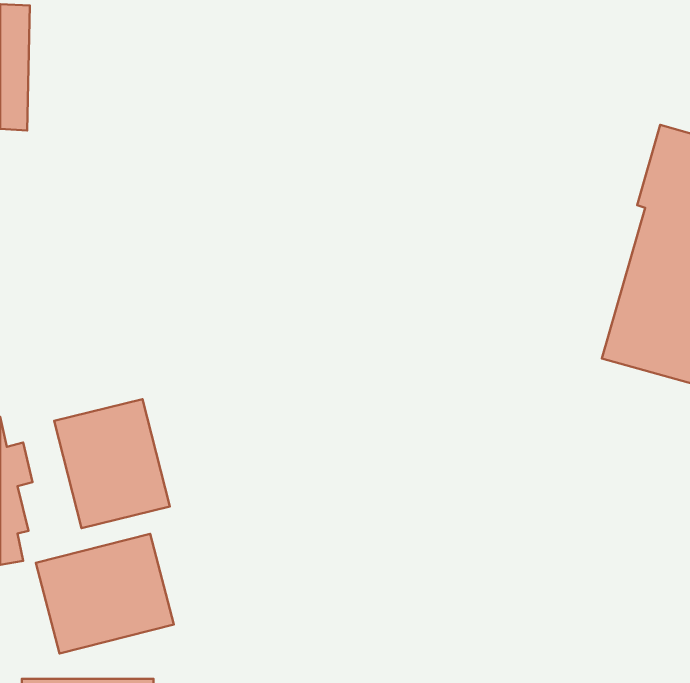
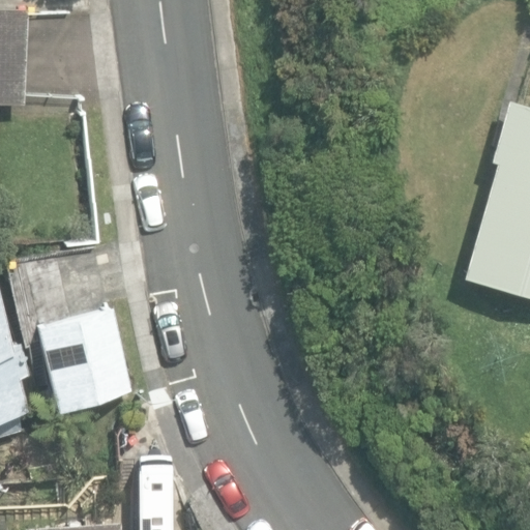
building: [36,534,174,653] -> none

